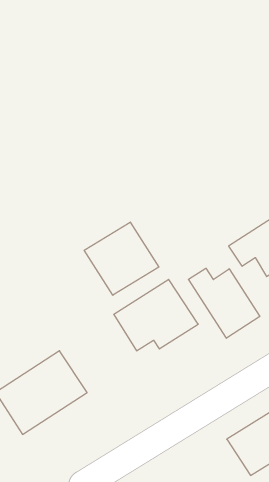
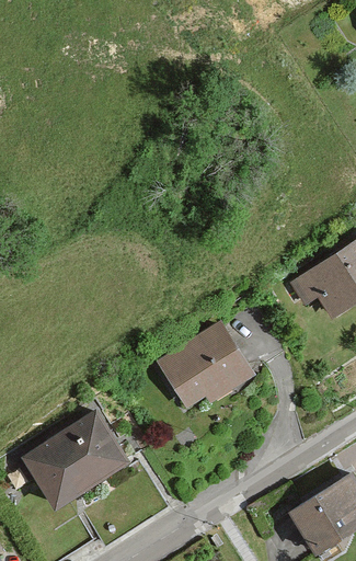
building: [84,222,159,295] -> none
building: [188,268,260,338] -> none

